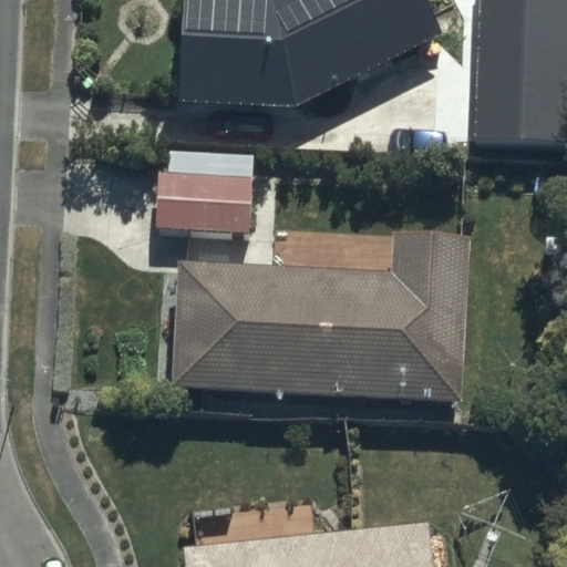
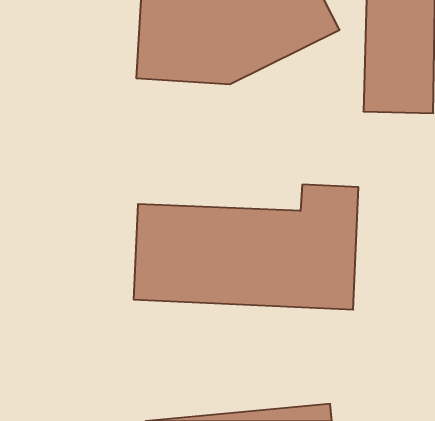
building: [155,150,254,234] -> none

